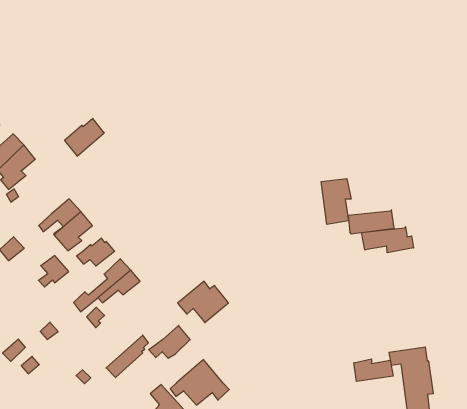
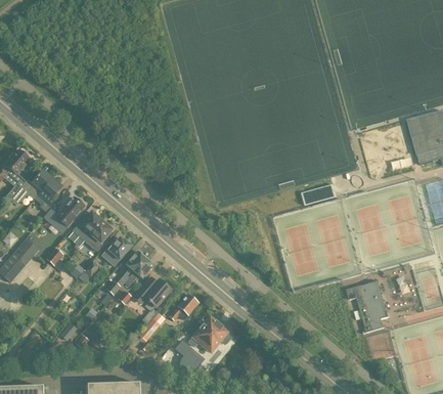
building: [65,119,104,156] -> [55,196,84,226]
building: [321,179,351,224] -> none
building: [362,227,414,253] -> none
building: [178,281,228,323] -> [133,276,171,307]
building: [354,359,393,381] -> none

